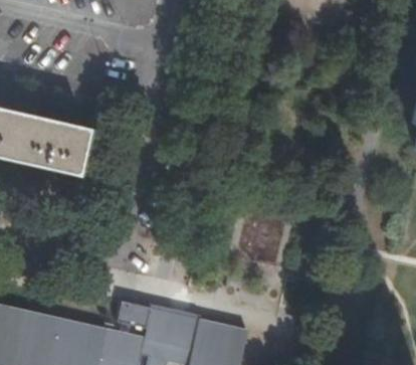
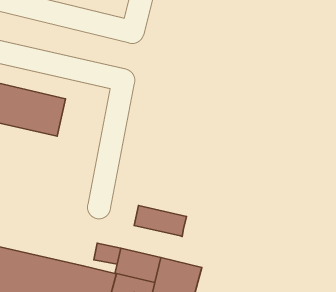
building: none -> [134,205,187,236]

